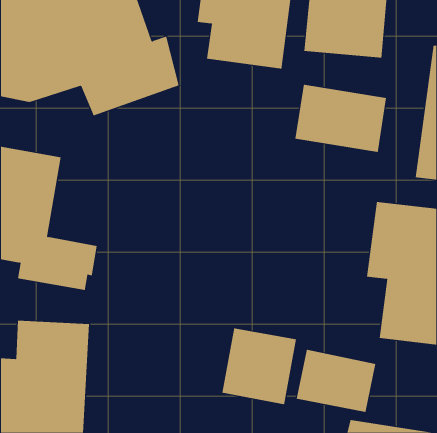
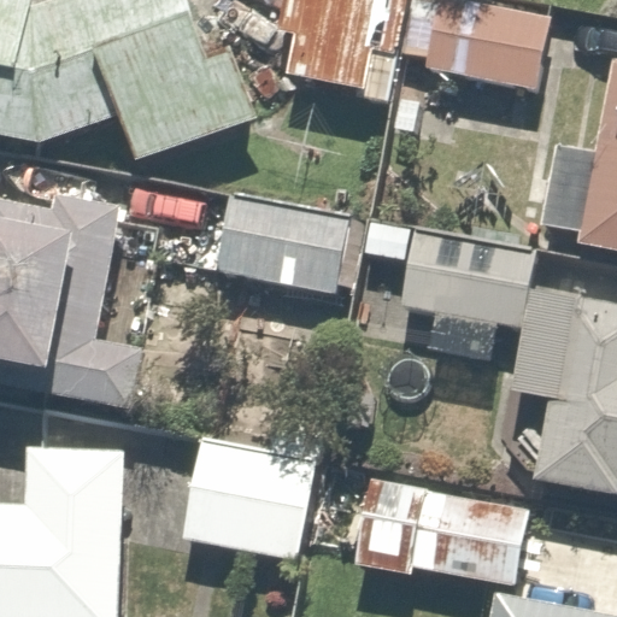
building: [295,84,387,153] -> [400,228,530,324]
building: none -> [213,195,347,290]
building: none -> [178,411,321,559]

